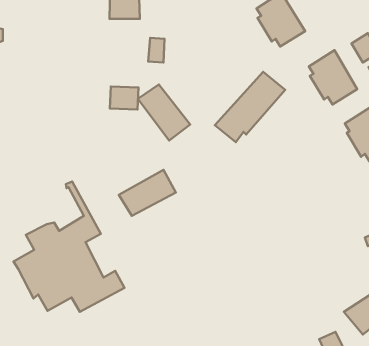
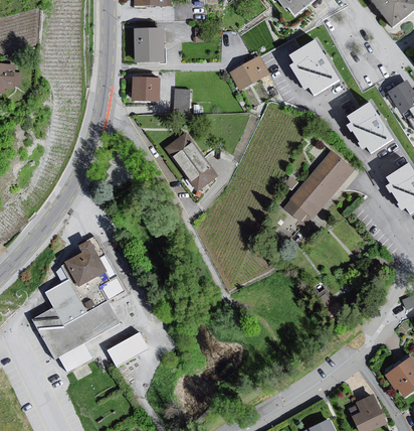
building: none -> [230,51,273,91]
building: [215,72,285,142] -> [280,152,355,227]
building: [110,87,138,109] -> [132,79,162,103]
building: [119,170,176,216] -> none
building: none -> [64,242,107,288]

